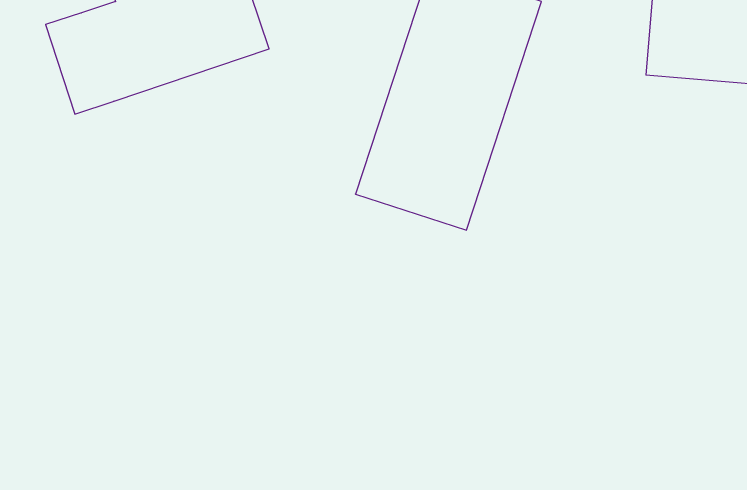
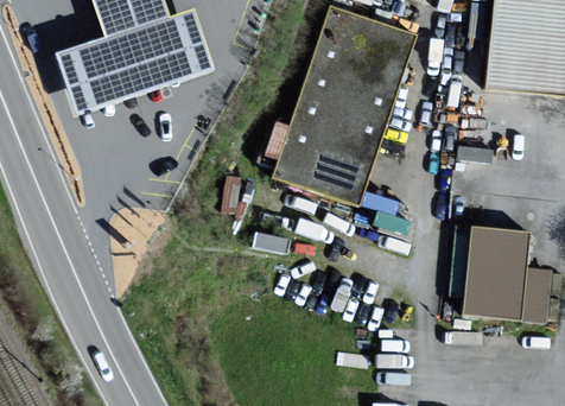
building: none -> [465,226,550,322]

